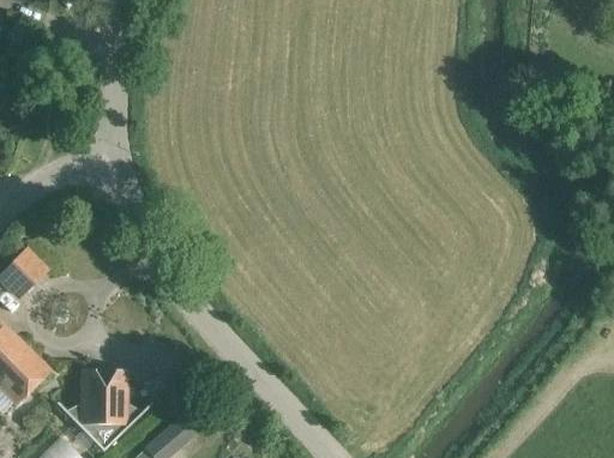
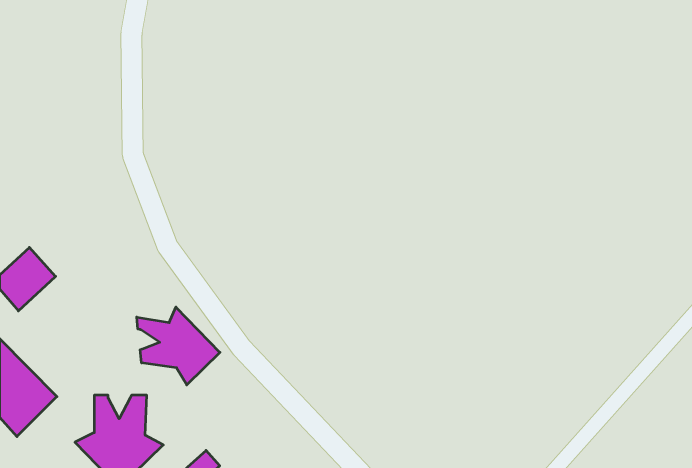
building: none -> [137,307,220,385]

